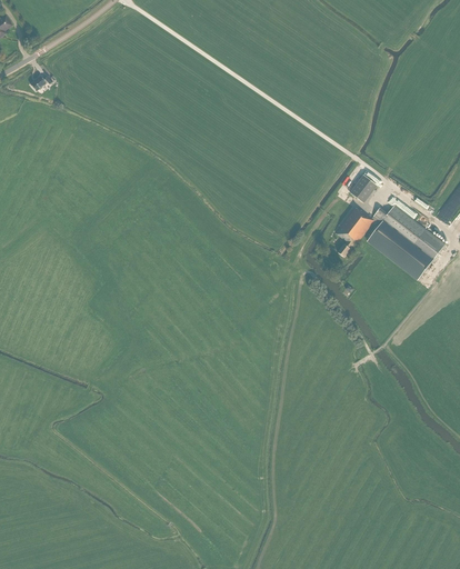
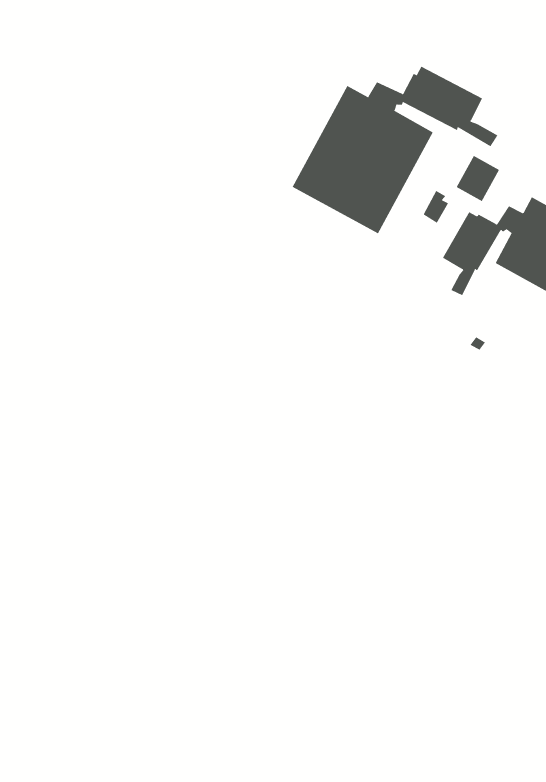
building: none -> [292,66,498,234]

